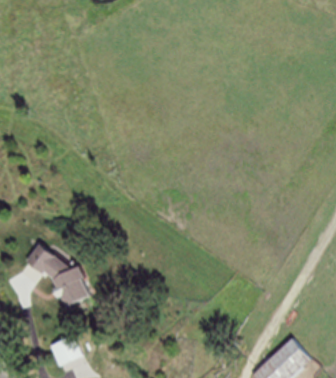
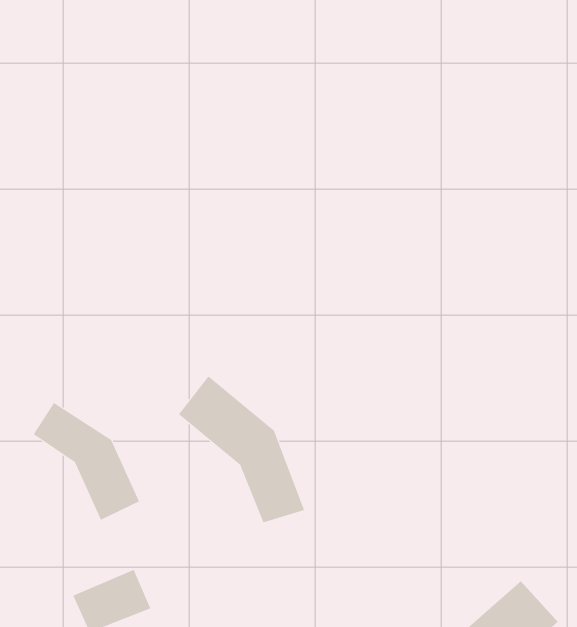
building: none -> [178,375,305,523]

